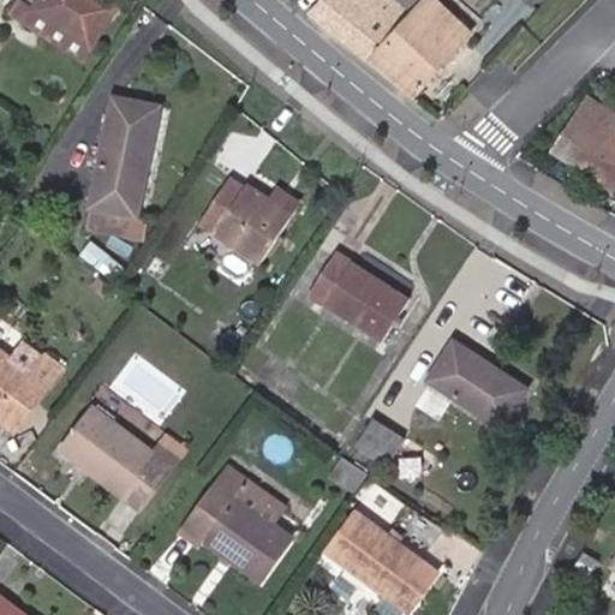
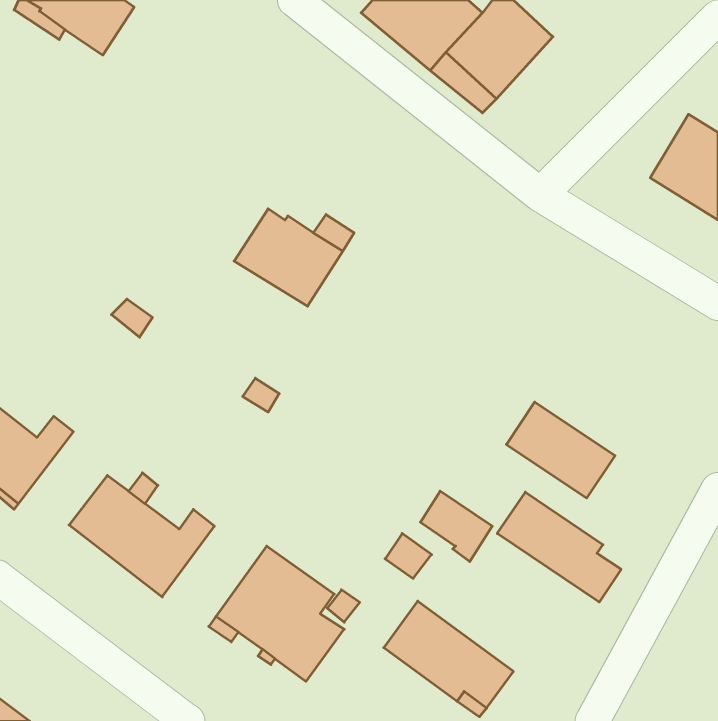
building: [86,96,157,235] -> none
building: [309,251,408,341] -> none
building: none -> [497,492,621,602]

